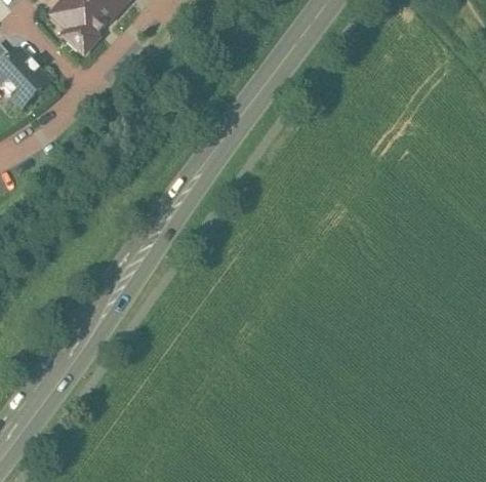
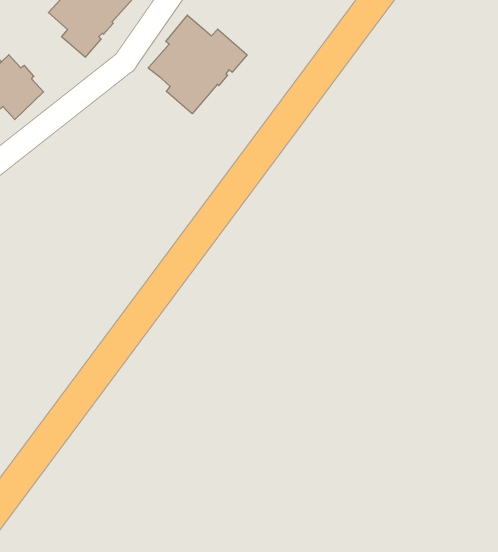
building: none -> [148,15,247,114]

